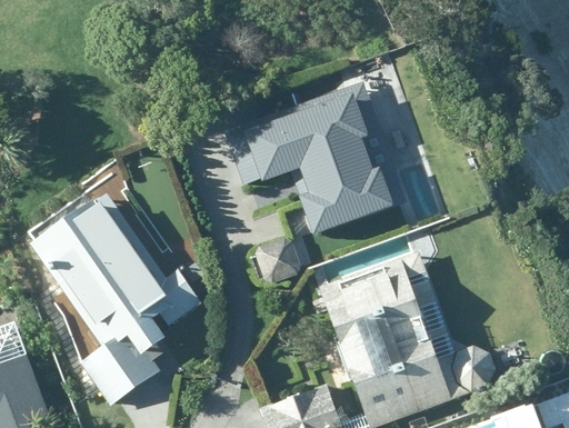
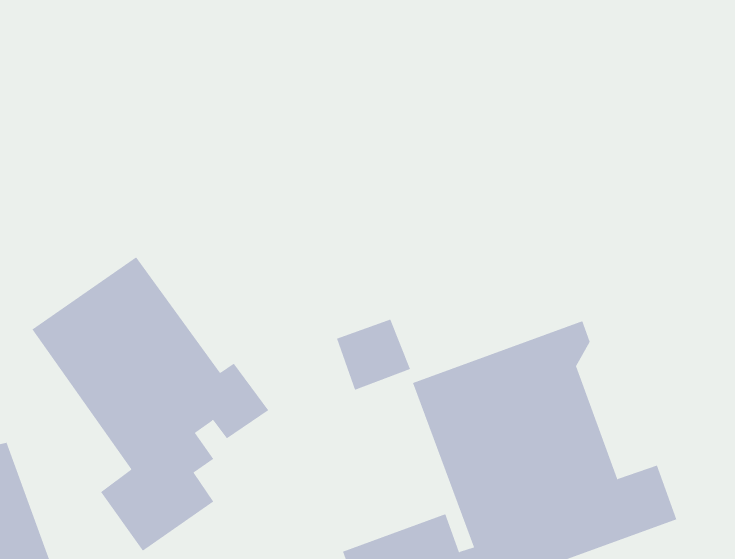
building: [219,82,407,236] -> none

